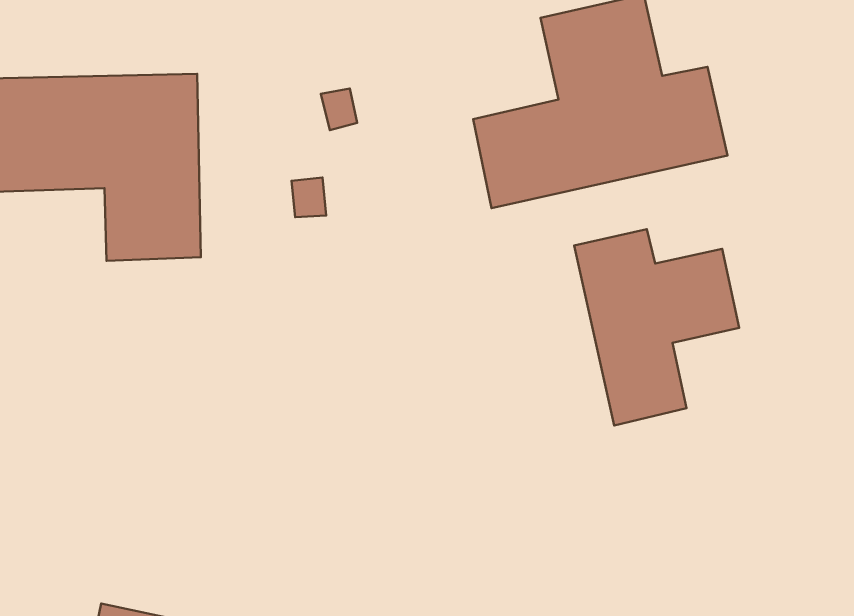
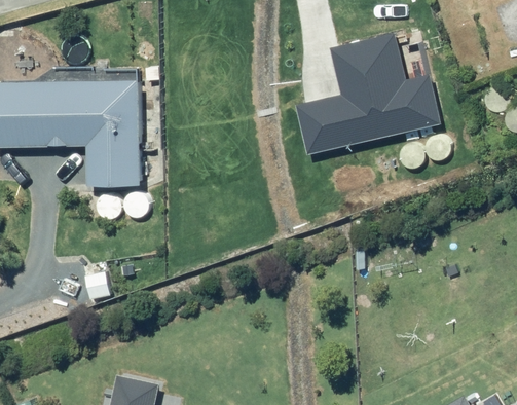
building: [574,229,739,425] -> none

